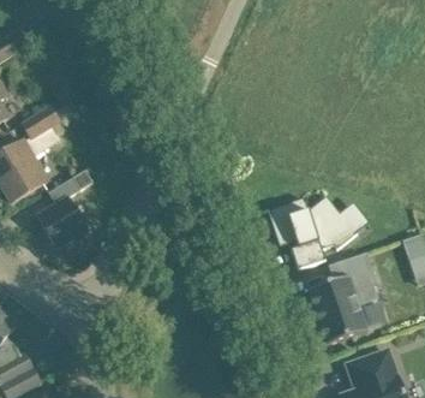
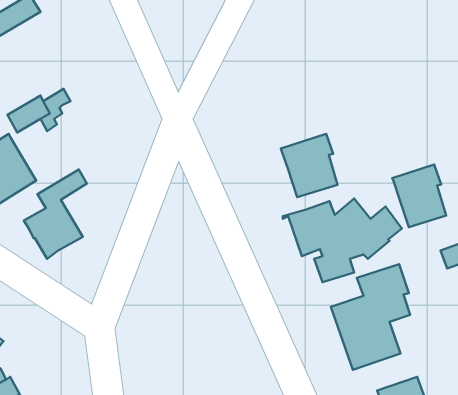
building: none -> [281,134,338,197]
building: none -> [392,165,446,227]

